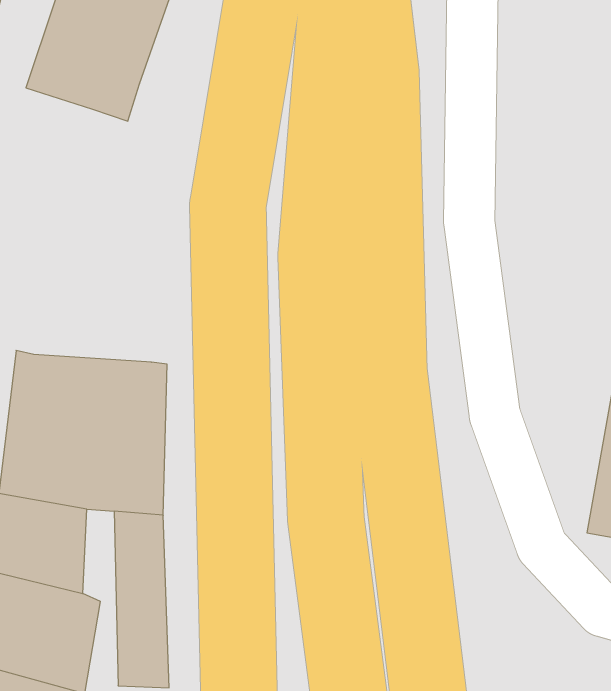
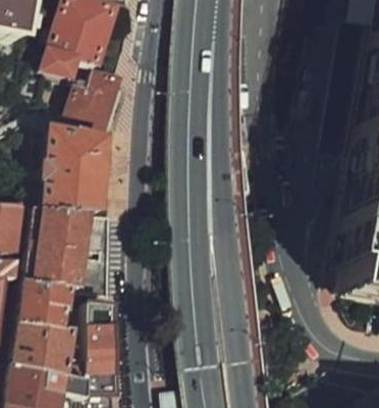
building: none -> [64,65,129,119]
building: none -> [43,119,109,210]

